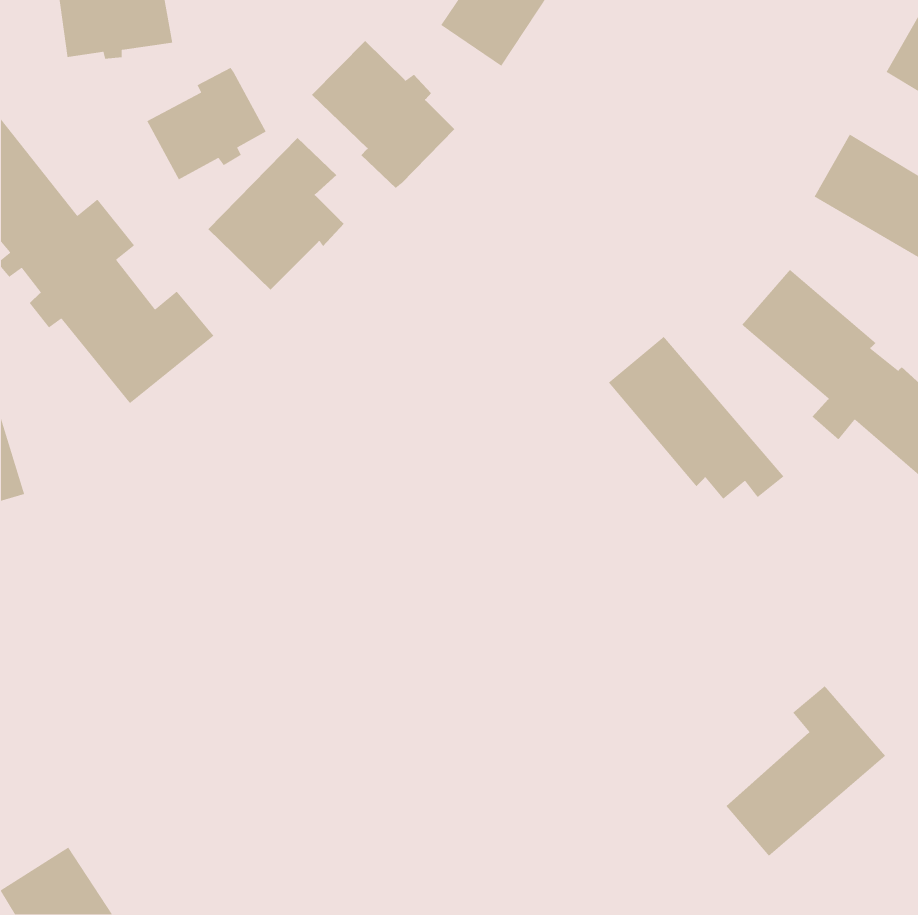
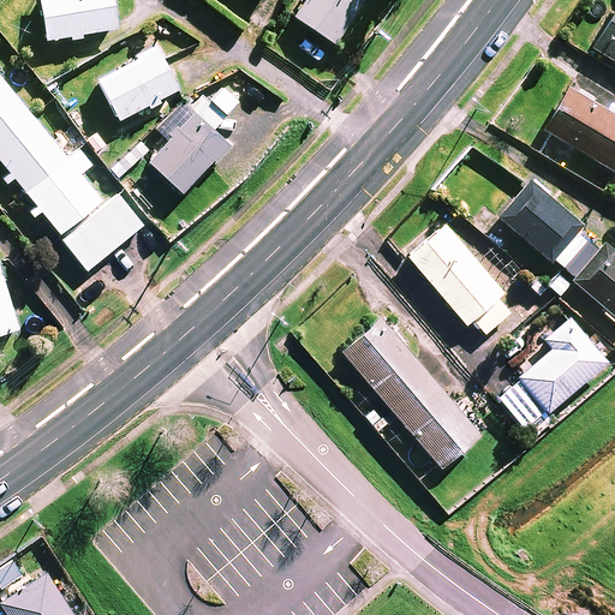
building: [311,40,455,189] -> none
building: none -> [342,318,479,468]
building: [726,685,886,857] -> [497,316,604,430]

